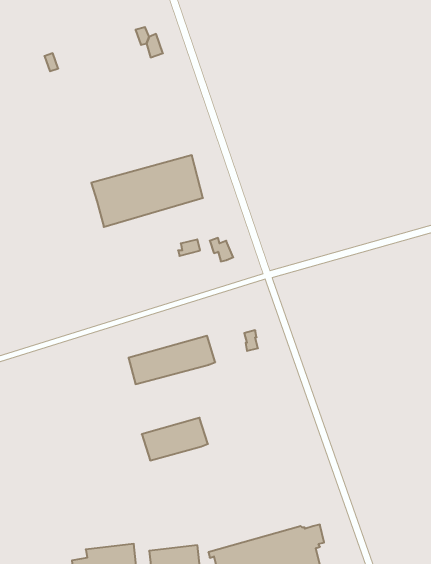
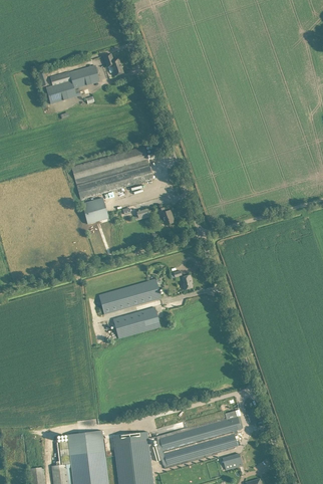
building: none -> [44,65,99,104]
building: none -> [80,198,107,224]
building: [142,418,208,460] -> [111,307,159,338]

